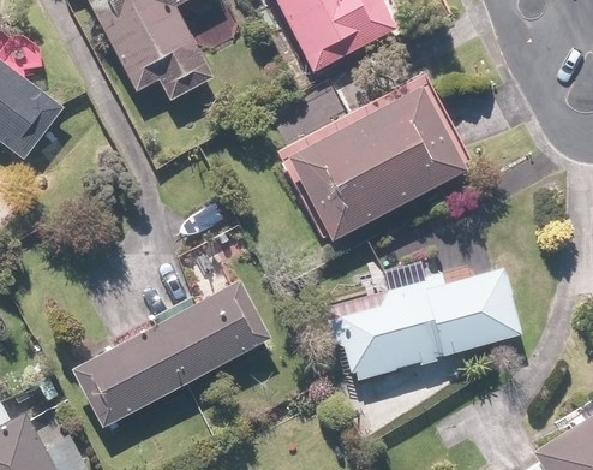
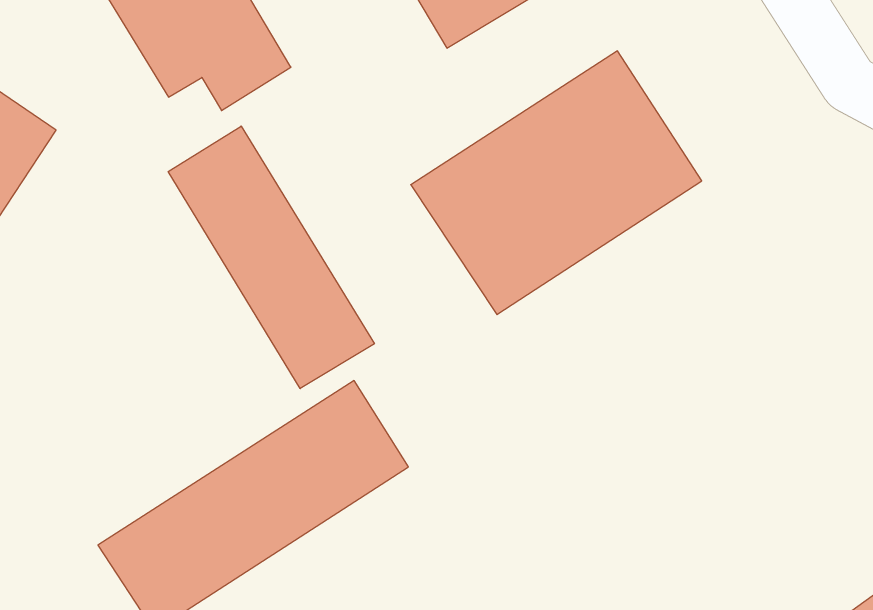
building: none -> [168,126,374,389]
building: [327,264,522,381] -> none

